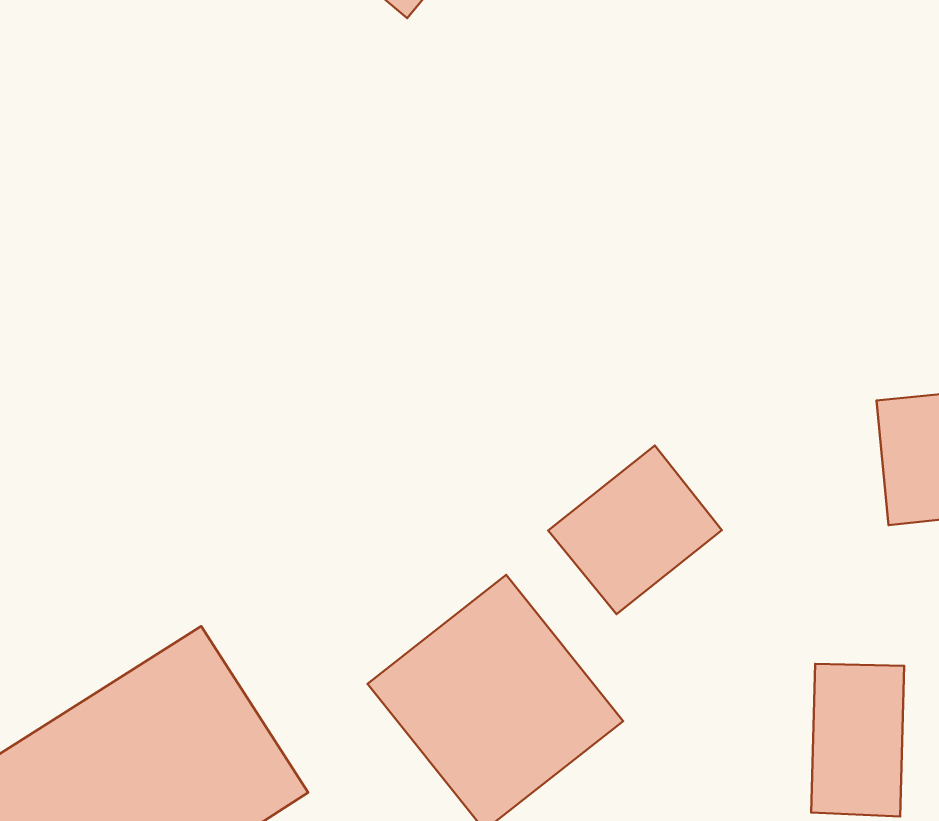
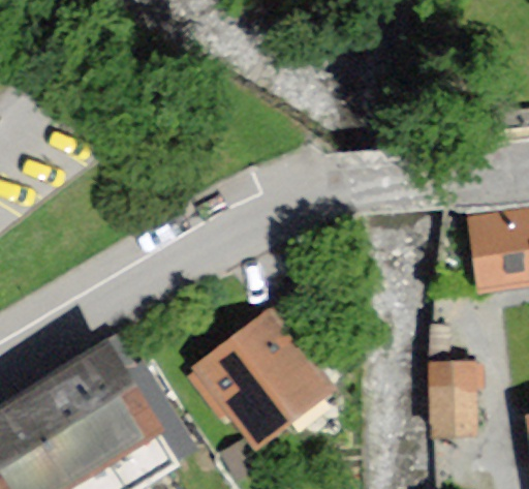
building: [548,445,722,614] -> none

